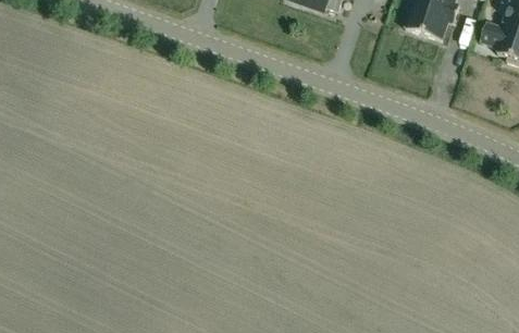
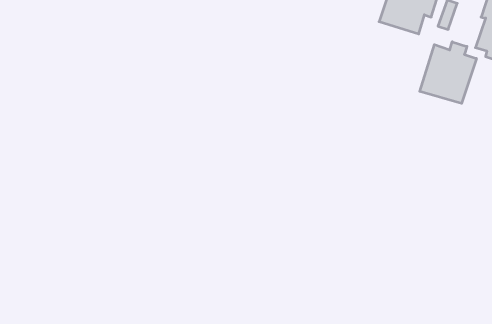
building: none -> [420,42,476,103]

